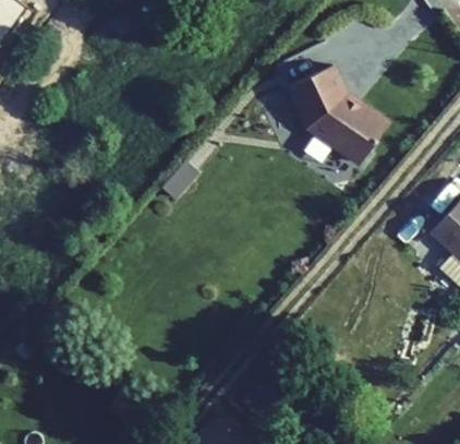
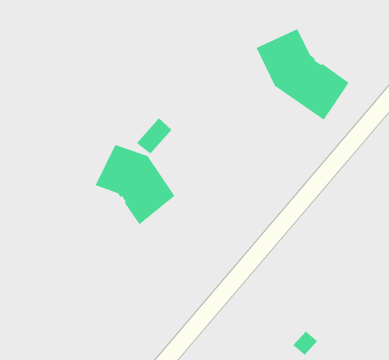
building: none -> [95,144,175,225]

